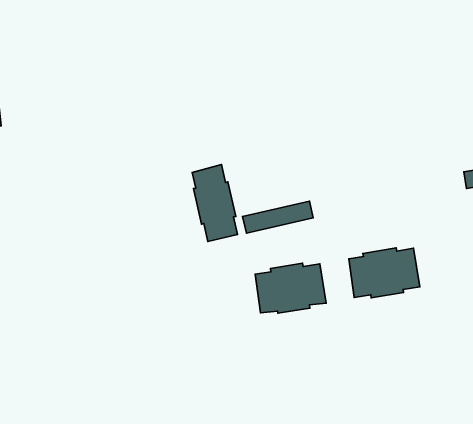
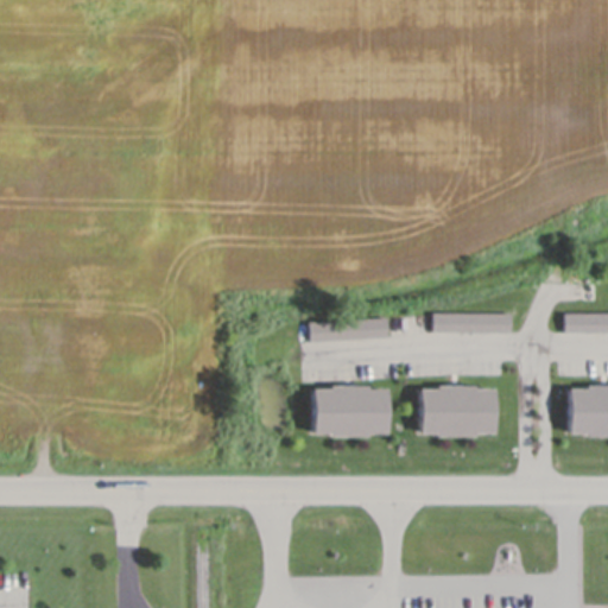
building: [192,165,237,241] -> none
building: none -> [435,314,512,332]

